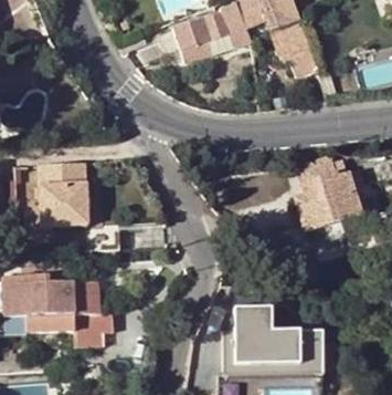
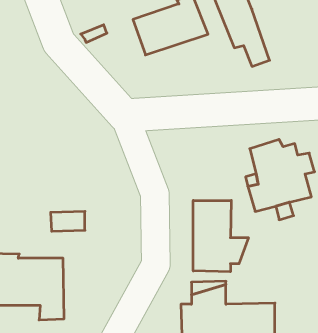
building: [40,162,86,224] -> none
building: none -> [193,200,248,272]

